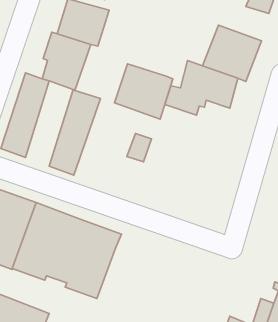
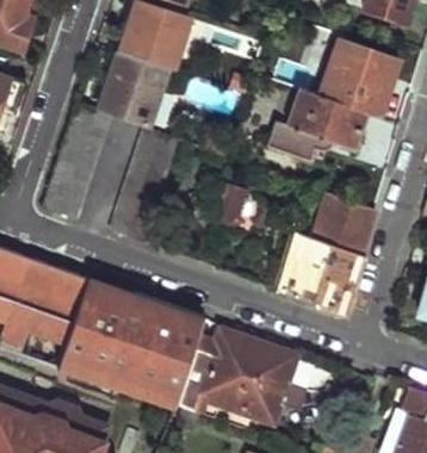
building: [115,64,173,119] -> none
building: none -> [280,190,376,311]
building: none -> [177,334,308,418]

